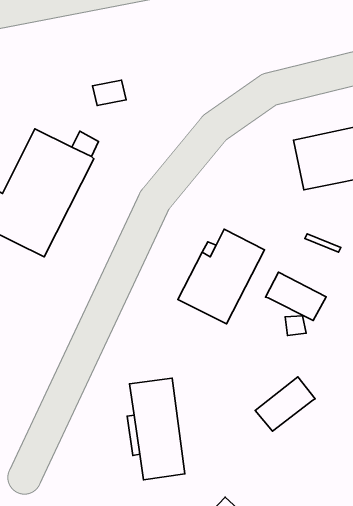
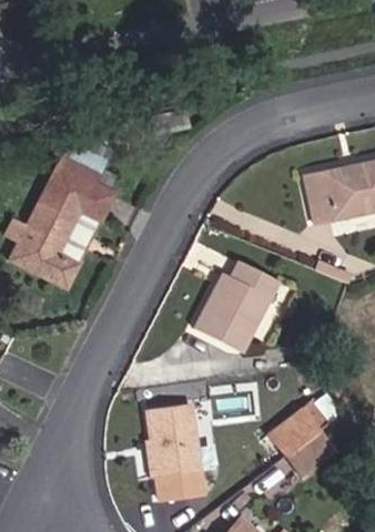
building: [266,272,326,321] -> none
building: none -> [285,424,332,473]

